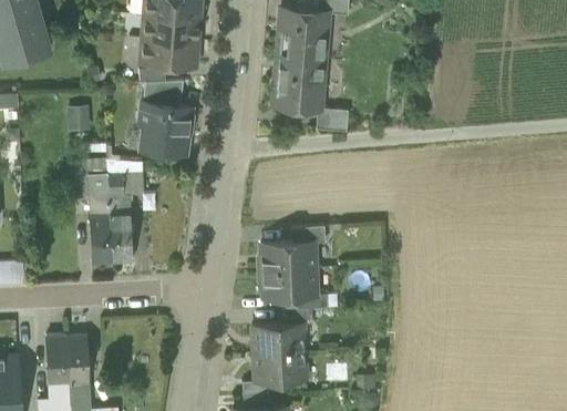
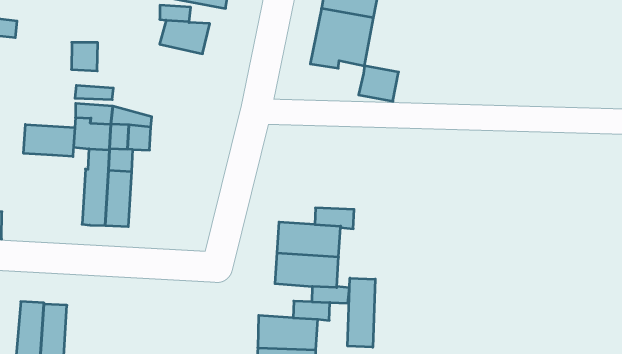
building: [140,103,190,153] -> none
building: none -> [24,124,75,157]
building: none -> [348,278,375,347]

